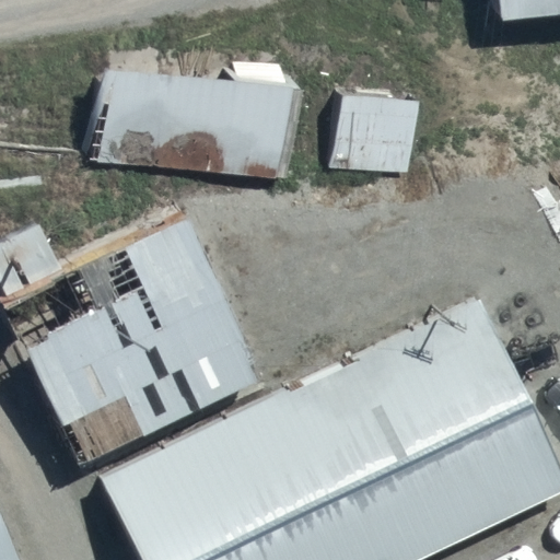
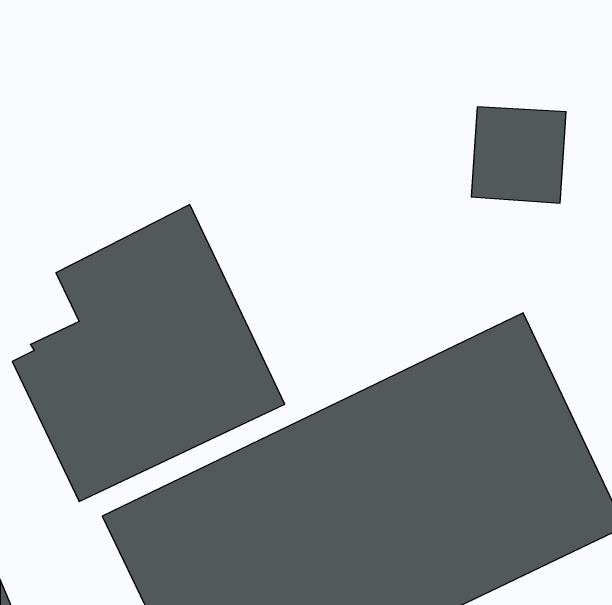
building: [90,63,298,192] -> none
building: [334,96,419,183] -> [471,107,566,203]

